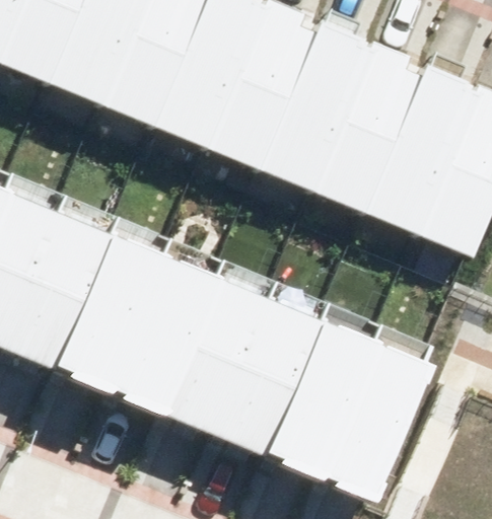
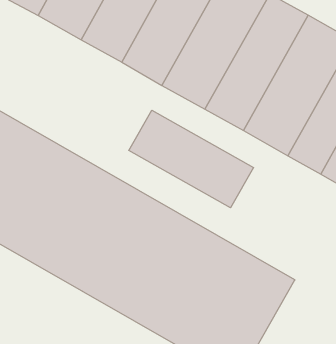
building: none -> [129,110,254,208]

